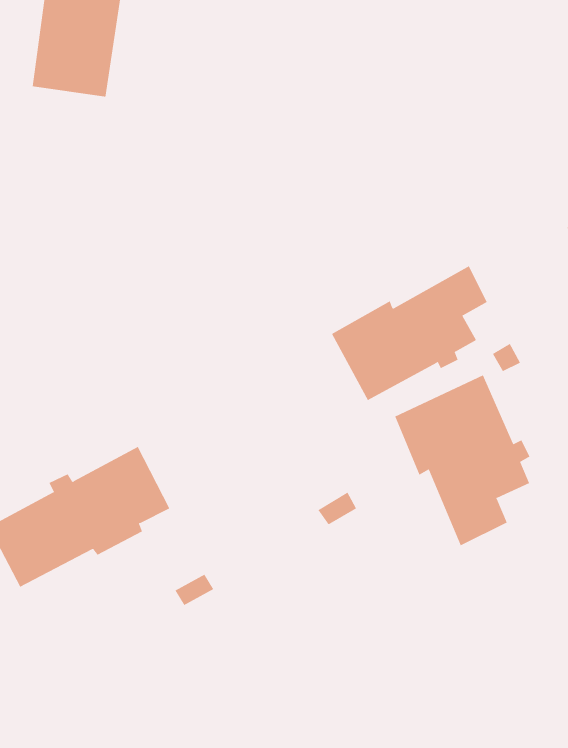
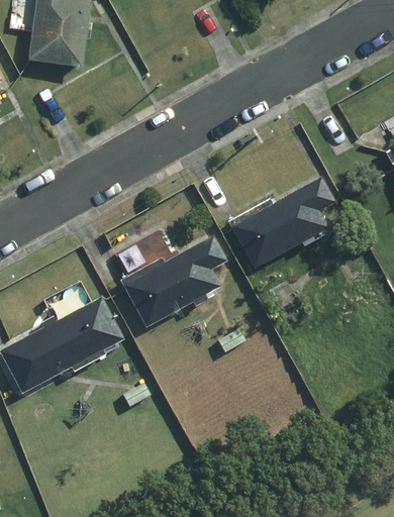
building: none -> [121,236,225,325]
building: [394,375,530,546] -> none

